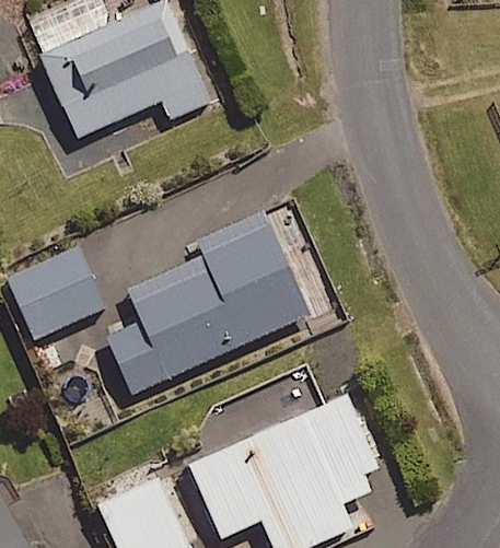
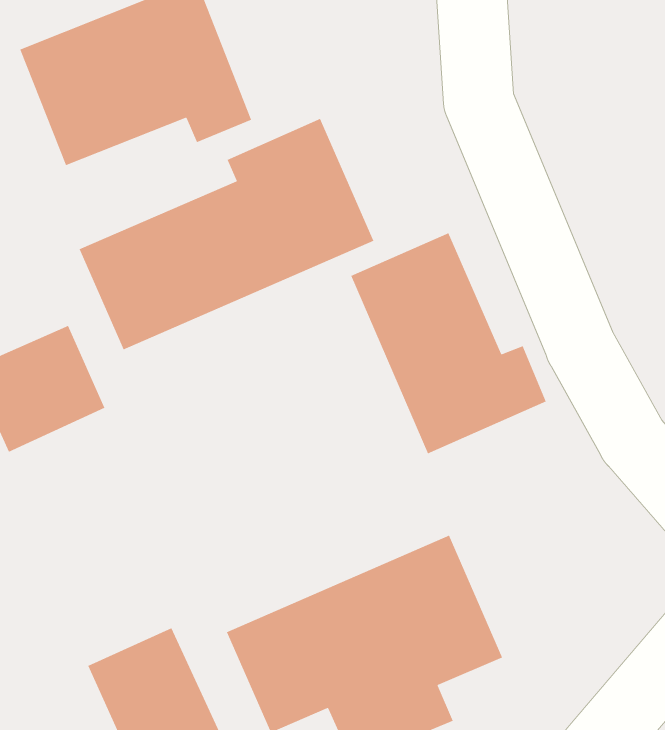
building: none -> [350,232,547,455]
building: [97,226,307,392] -> [79,118,375,350]

